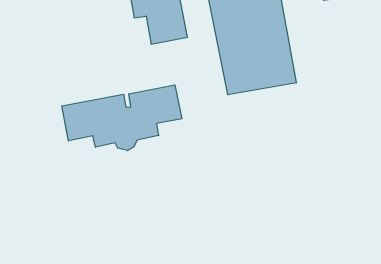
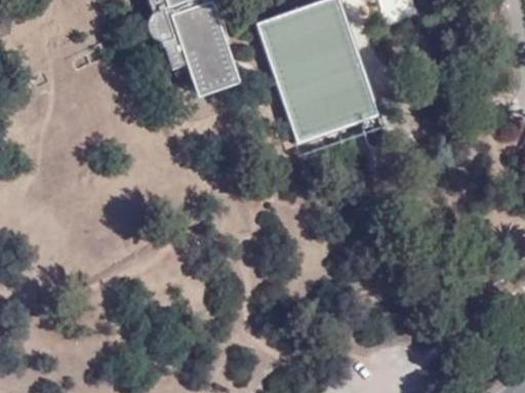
building: [62,85,182,151] -> none

